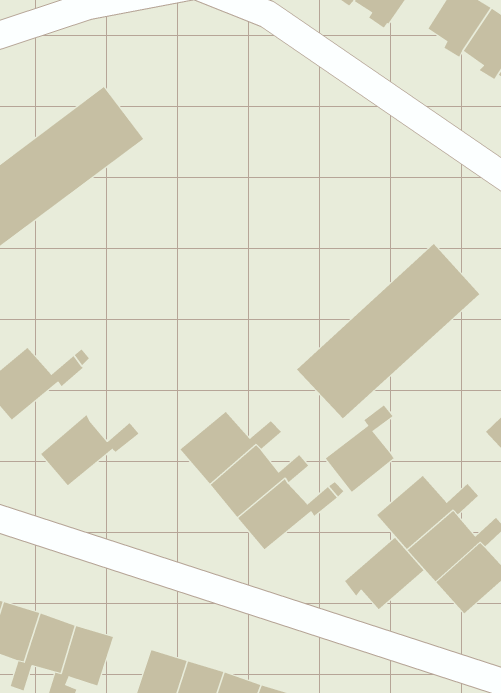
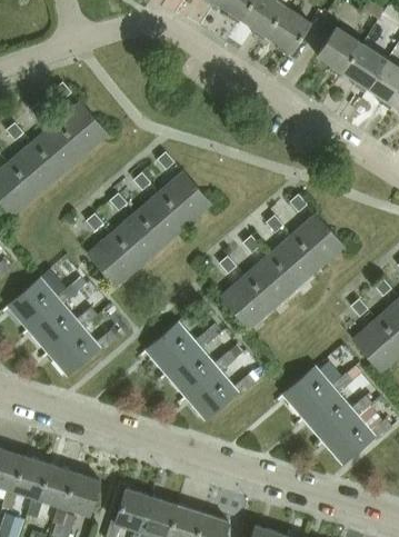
building: none -> [93,165,222,284]
building: none -> [28,302,98,352]
building: [325,405,395,493] -> none
building: [344,537,425,610] -> none

